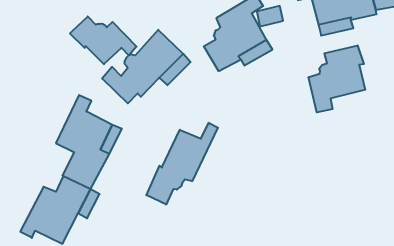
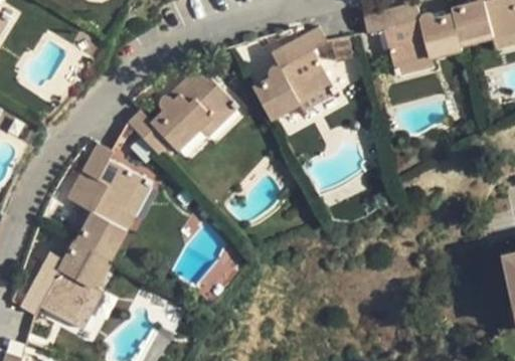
building: [70,16,137,64] -> none
building: [309,45,365,112] -> none
building: [146,123,218,205] -> none

